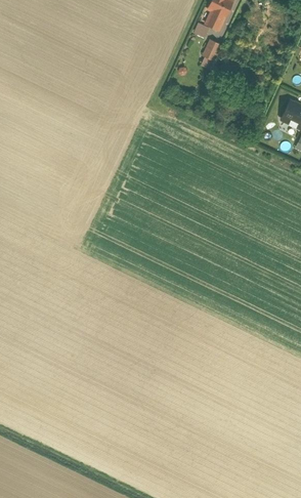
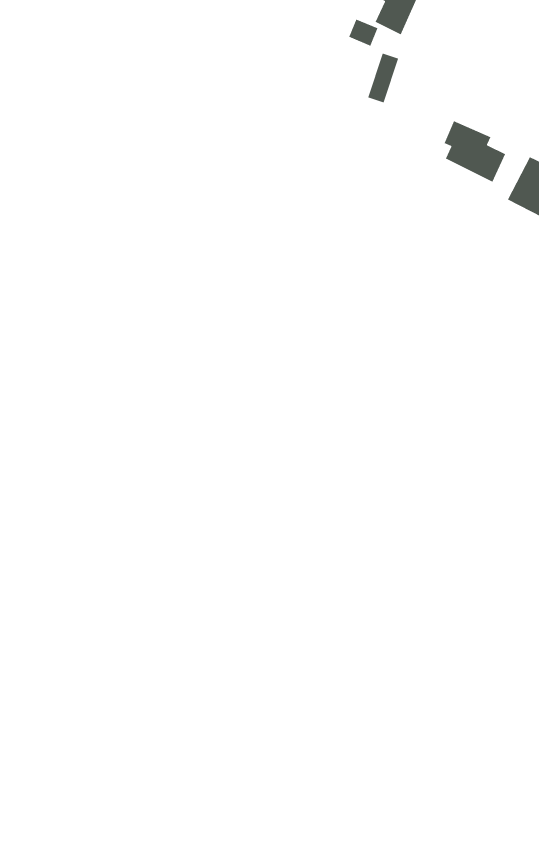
building: none -> [444,120,506,183]

